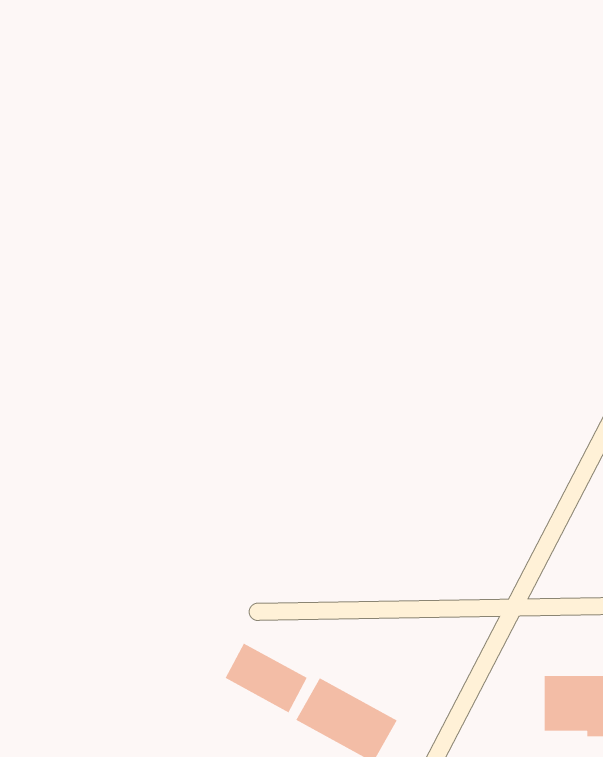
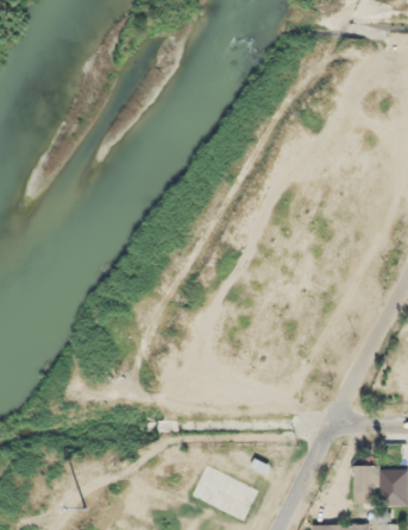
building: [225,642,308,714] -> none

